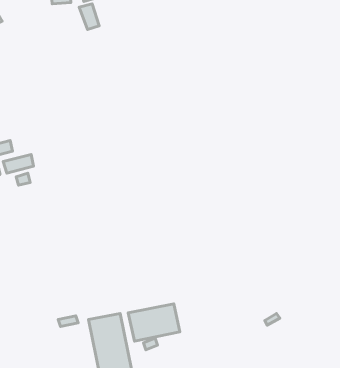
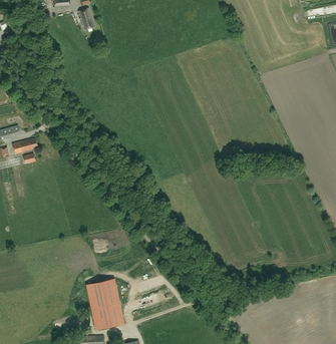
building: [128,304,180,341] -> none

